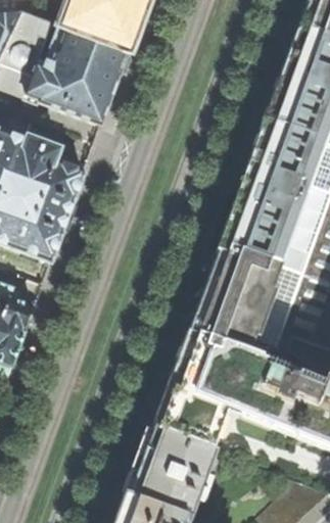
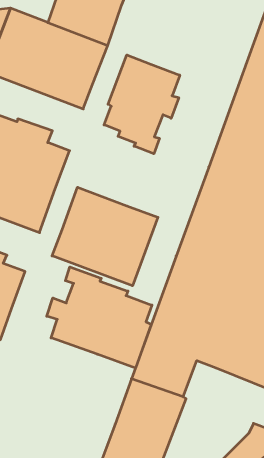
building: none -> [104,55,180,154]
building: none -> [52,187,158,286]
building: none -> [47,267,152,368]

